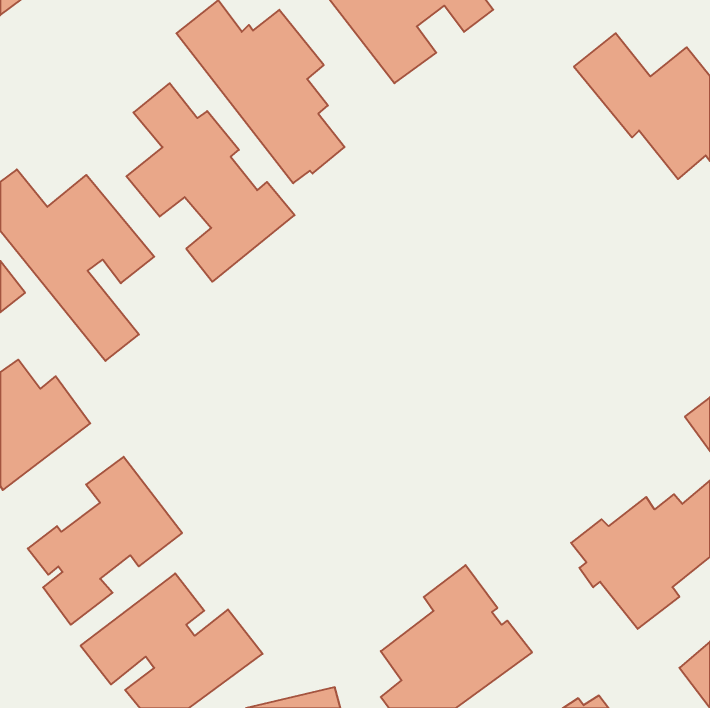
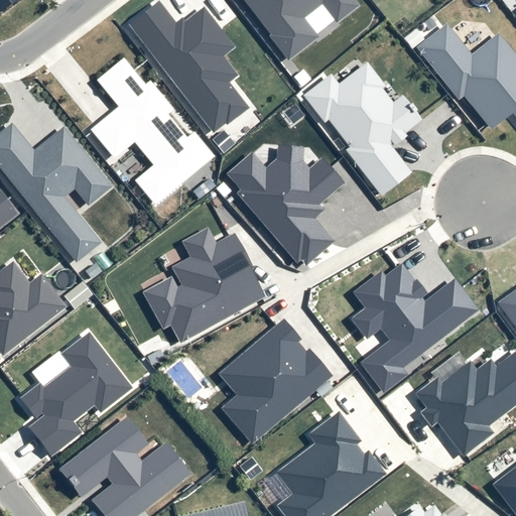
building: none -> [303,62,421,196]
building: none -> [227,145,344,266]
building: none -> [141,227,267,343]
building: none -> [349,264,478,392]
building: none -> [218,319,333,444]

